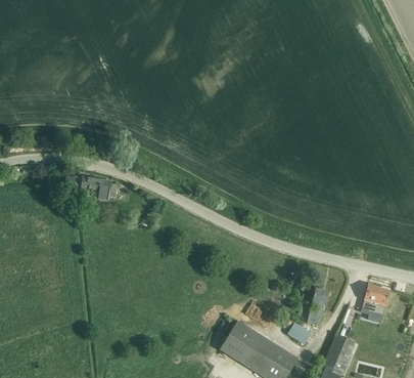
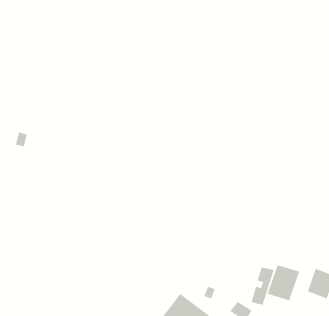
building: [81,175,117,199] -> none
building: none -> [267,264,300,301]

